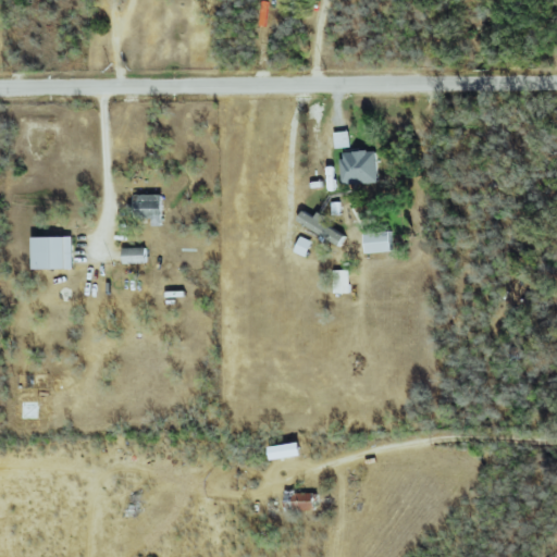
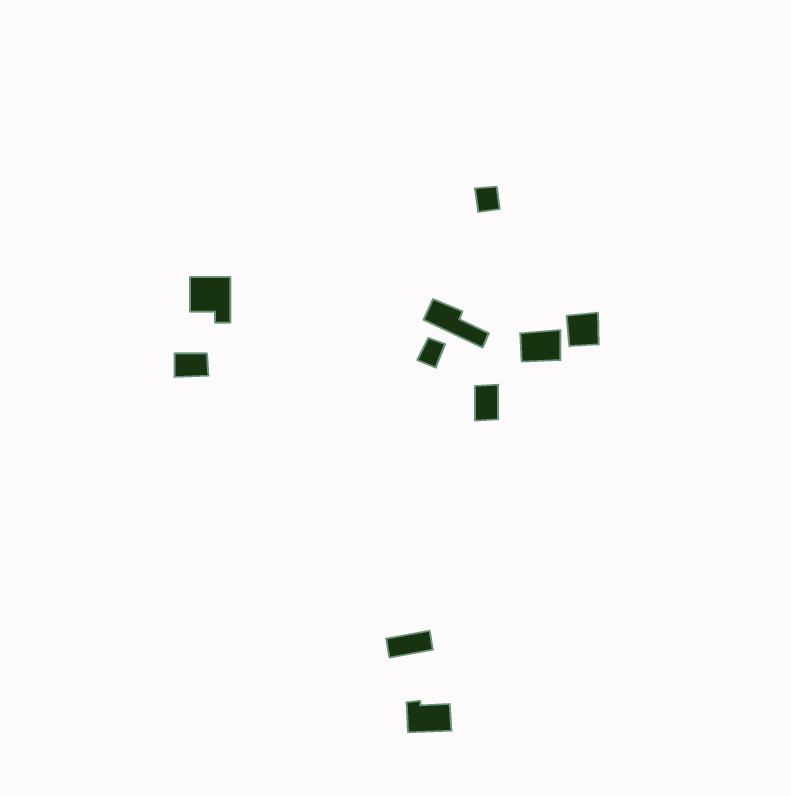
building: [339,150,376,183] -> none
building: none -> [567,313,599,346]
building: [32,236,72,269] -> none

